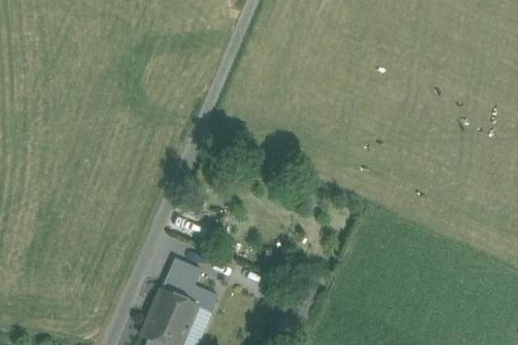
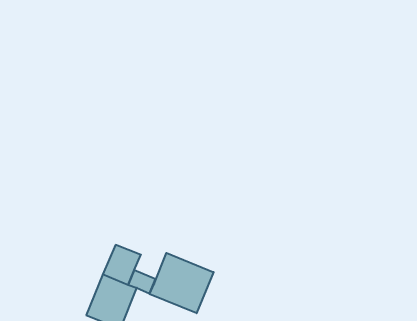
building: none -> [149,253,214,313]

